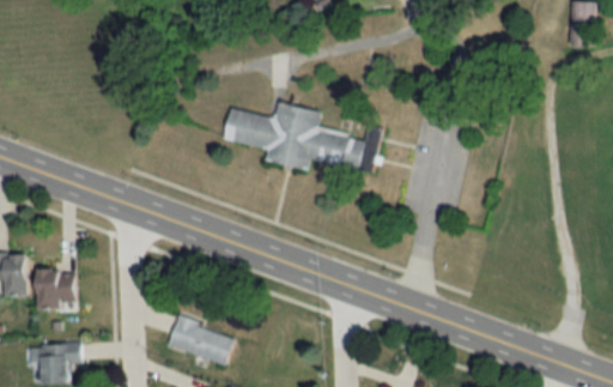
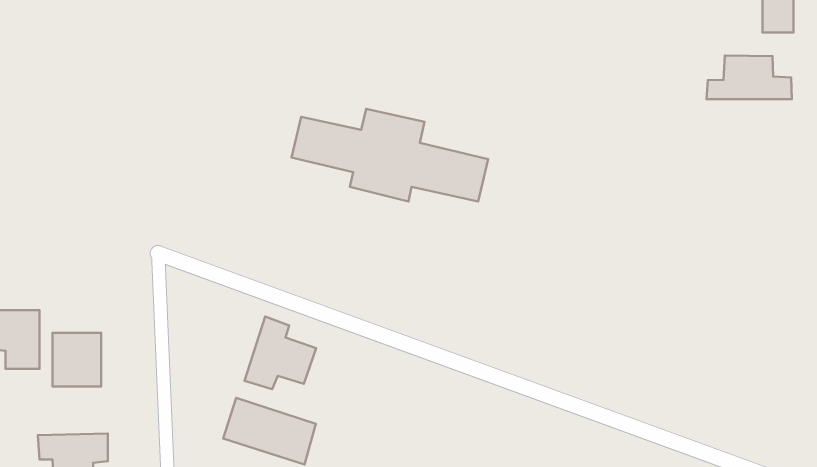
building: none -> [706,56,792,99]
building: none -> [245,317,316,389]

